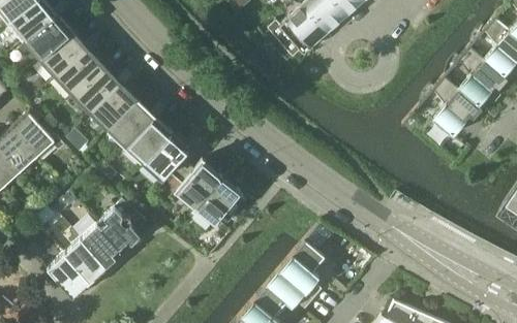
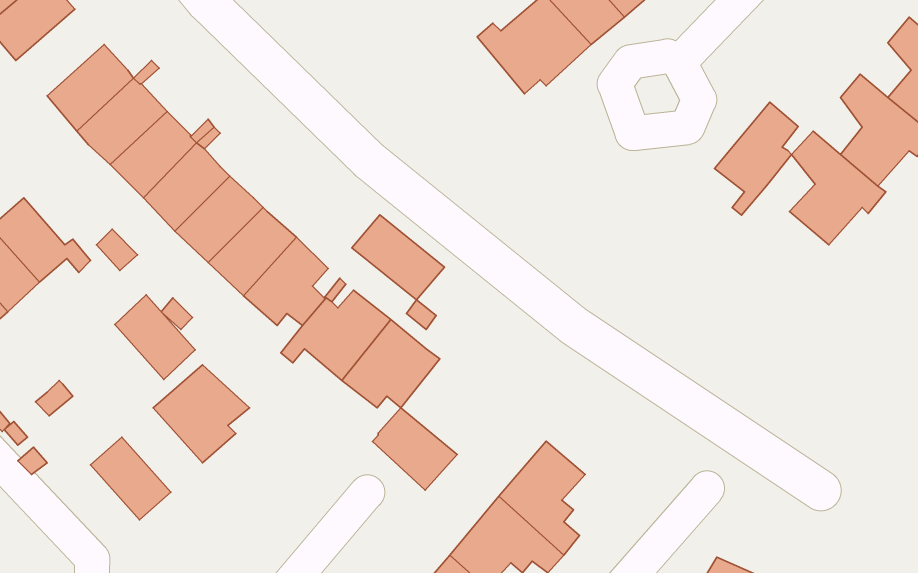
building: [24,13,70,59] -> none
building: none -> [715,102,798,215]
building: none -> [352,215,444,300]
building: [80,223,122,267] -> [115,295,195,379]
building: none -> [373,408,457,490]
building: [45,253,89,297] -> none

